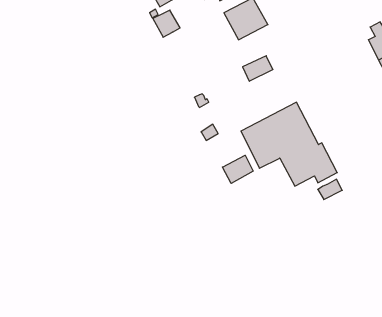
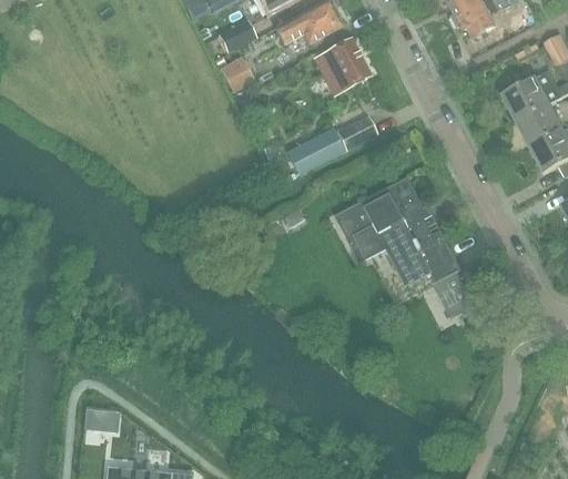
building: none -> [287,126,345,173]
building: [222,155,253,183] -> none
building: none -> [84,407,120,430]

